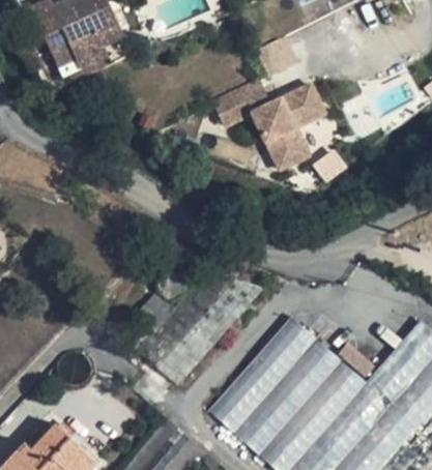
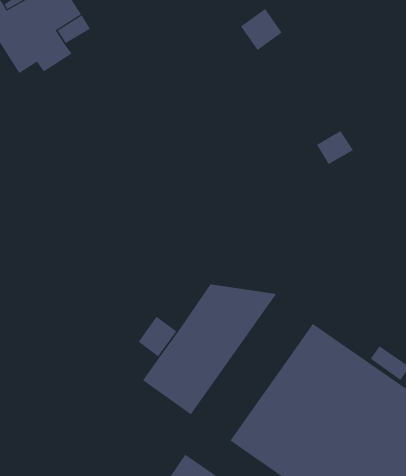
building: [211,79,329,174] -> none

